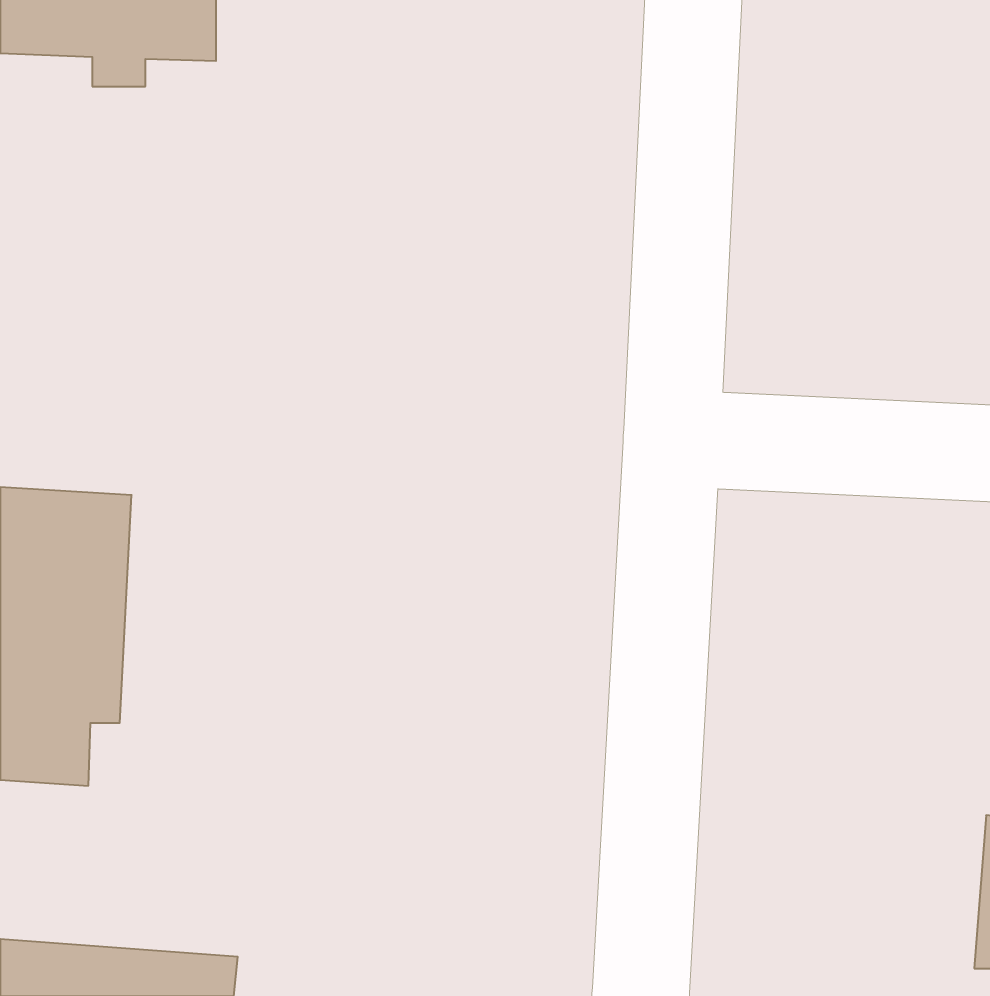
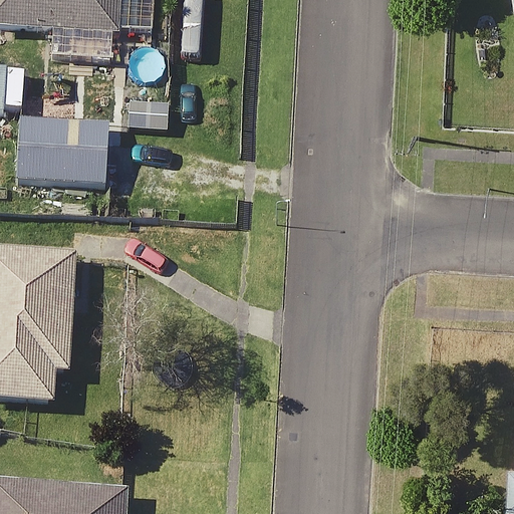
building: none -> [15,117,107,186]

